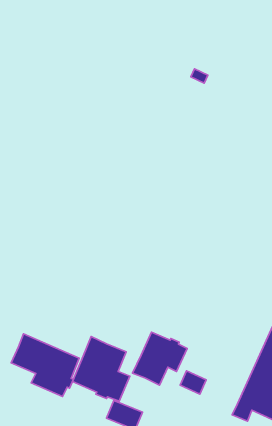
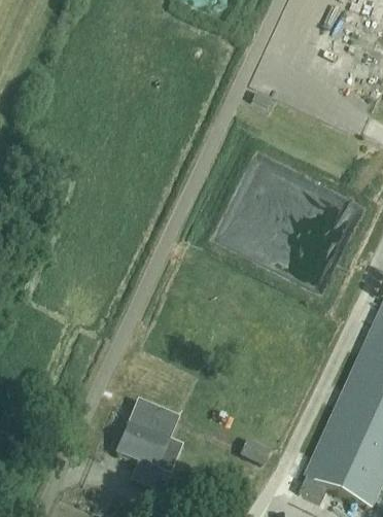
building: [133,332,187,385] -> none
building: [11,334,79,396] -> none

